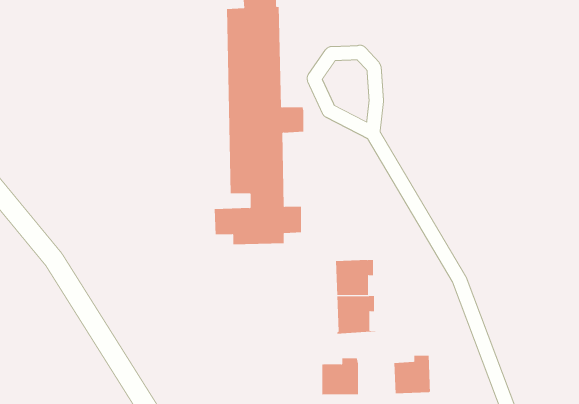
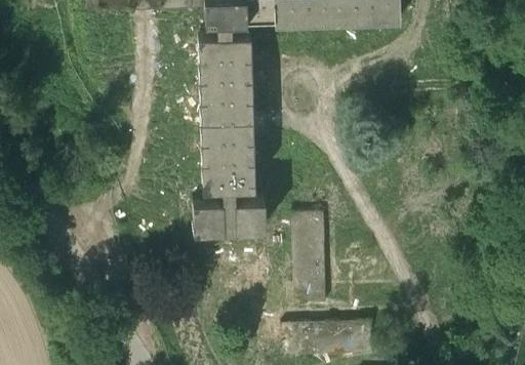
building: none -> [290,213,324,244]
building: none -> [312,323,341,355]

